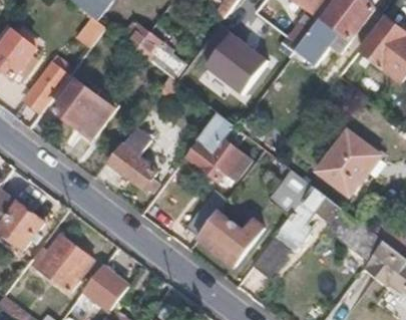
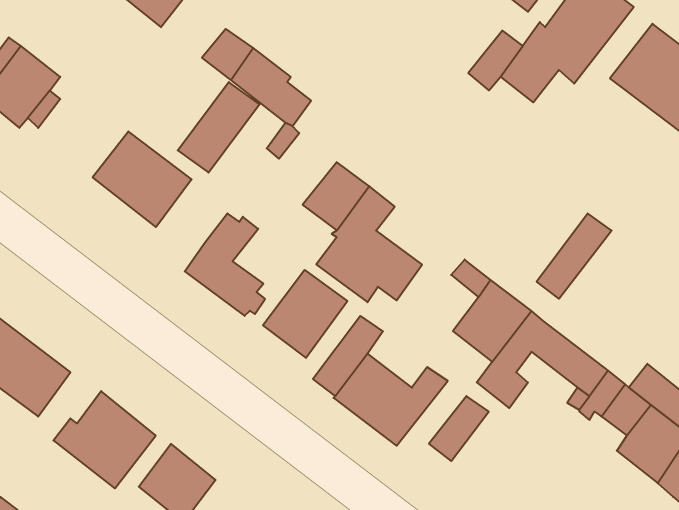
building: [198,29,264,93] -> none
building: [19,60,67,113] -> [178,82,260,173]
building: [330,139,380,195] -> none
building: none -> [263,270,347,358]

